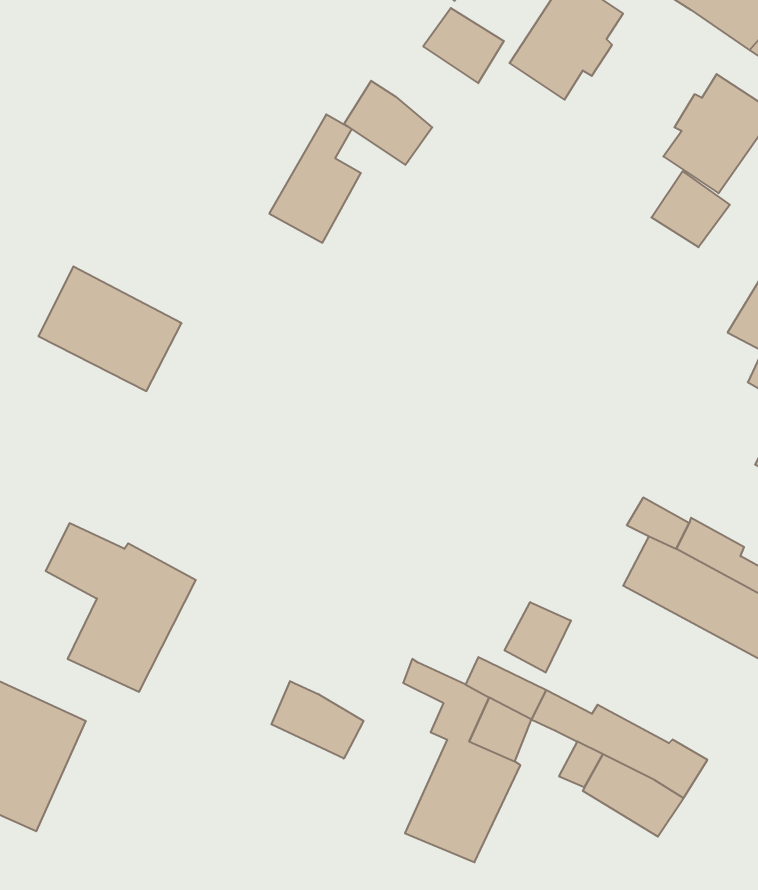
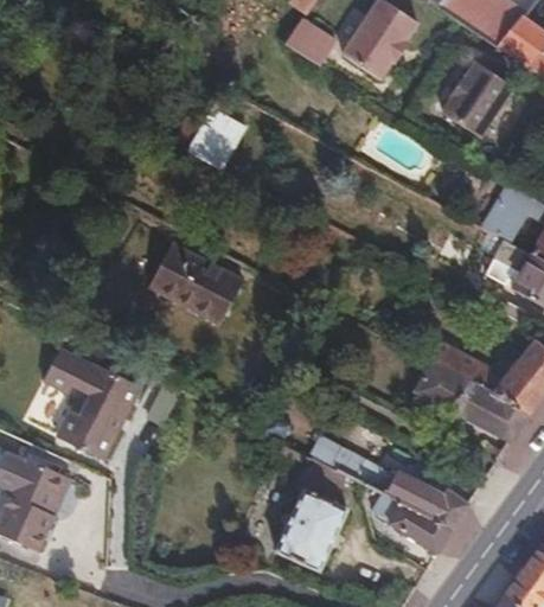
building: [344,81,432,165] -> none
building: [651,171,730,247] -> none
building: [38,266,182,391] -> [149,243,242,324]
building: [505,602,571,673] -> none
building: [271,681,363,759] -> none

